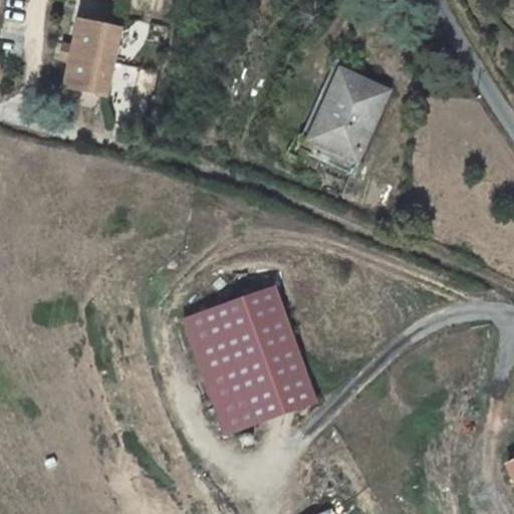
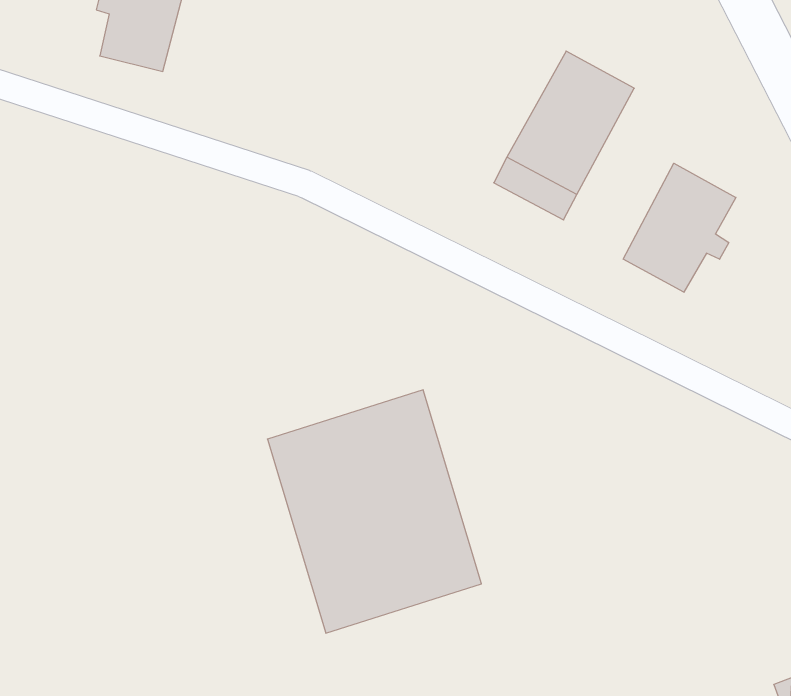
building: none -> [623,163,736,292]

